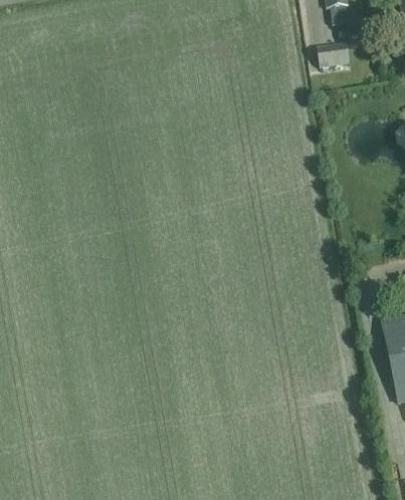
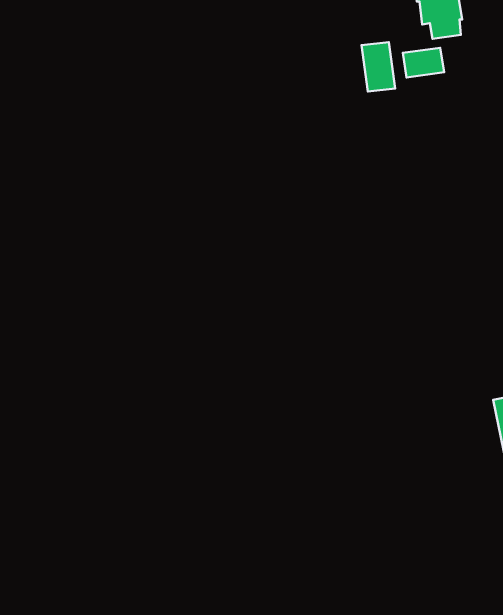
building: none -> [362,42,395,92]

